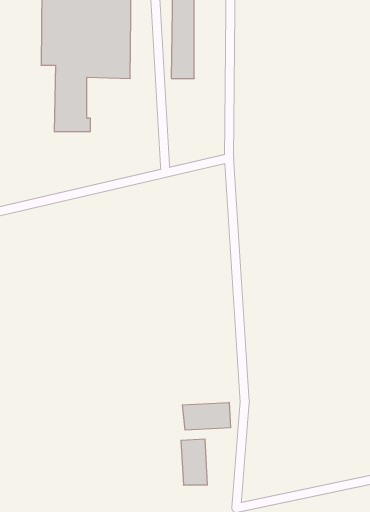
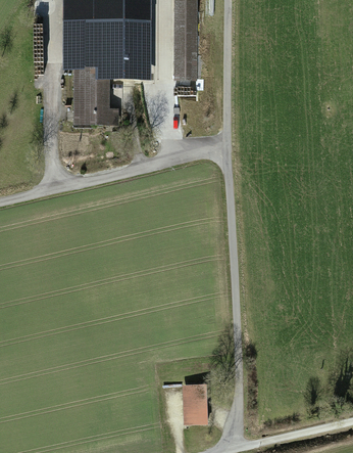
building: [182,402,230,430] -> none

